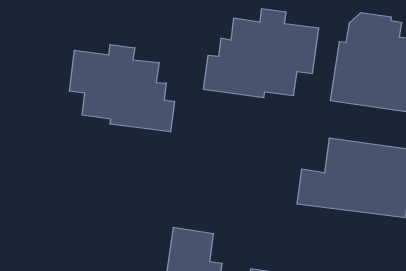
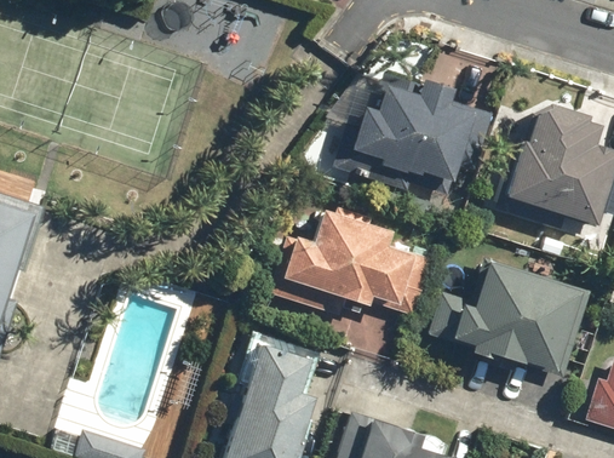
building: [69,44,174,132] -> none
building: none -> [269,207,431,314]

